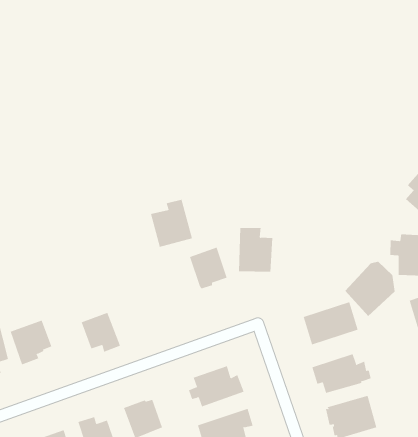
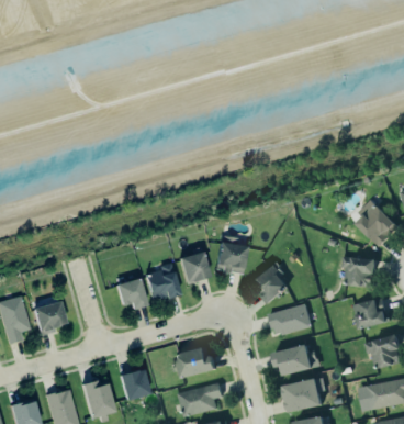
building: [150,199,193,247] -> [147,265,180,302]
building: [345,261,395,317] -> [246,259,287,303]
building: [81,312,121,352] -> [114,274,145,305]

